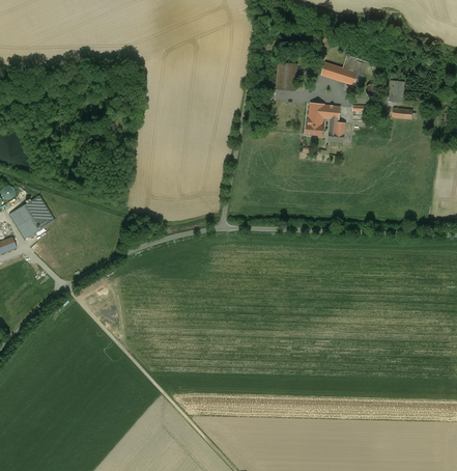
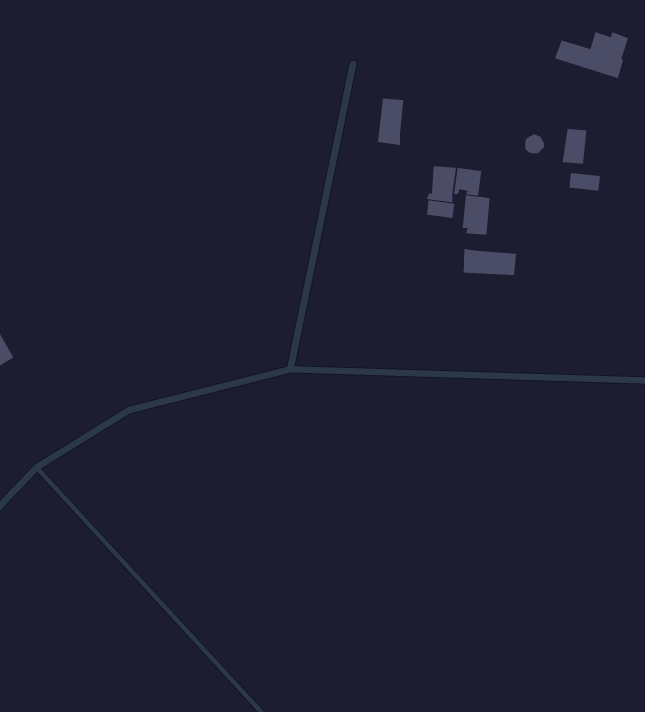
building: [320,57,366,86] -> [554,32,629,79]
building: none -> [463,248,516,276]

